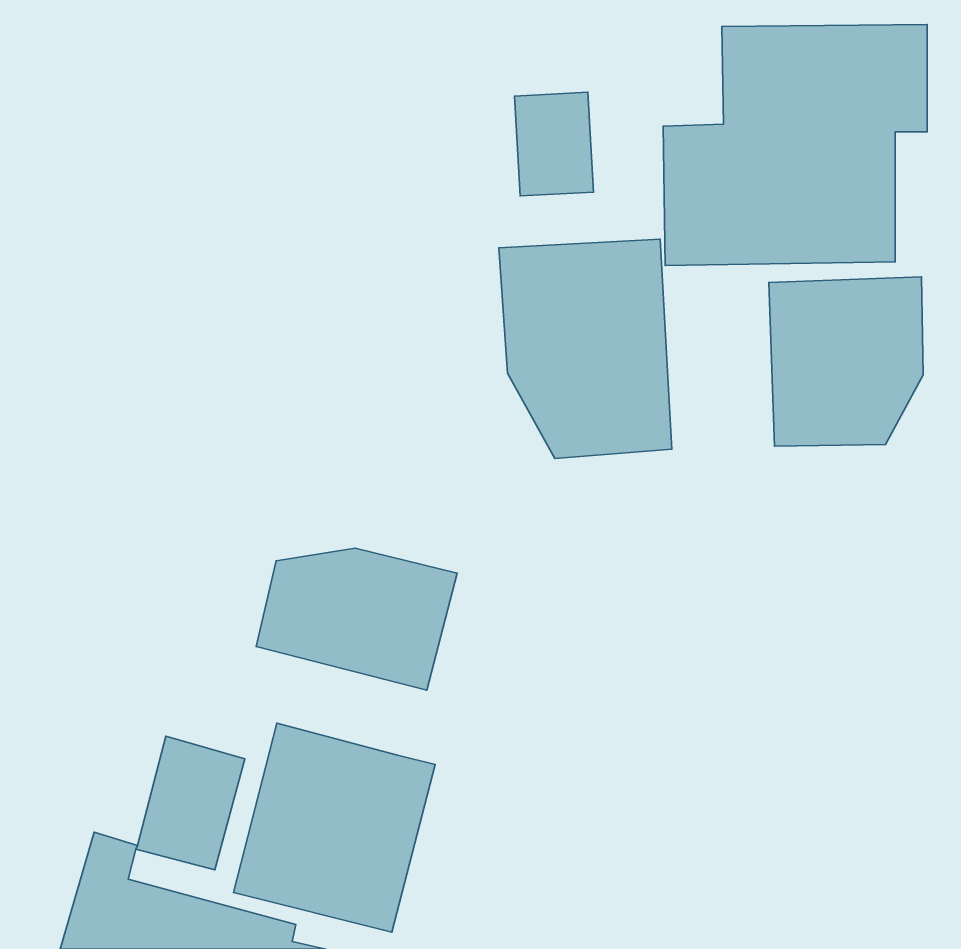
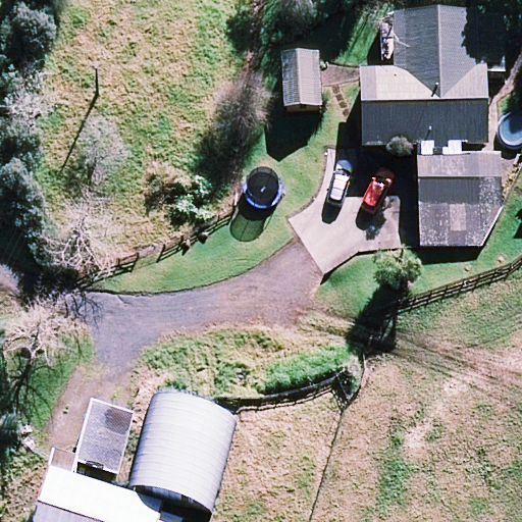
building: [499,239,672,458] -> none
building: [256,548,457,690] -> none

